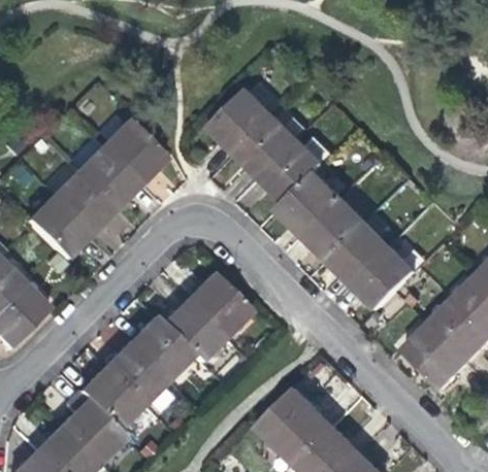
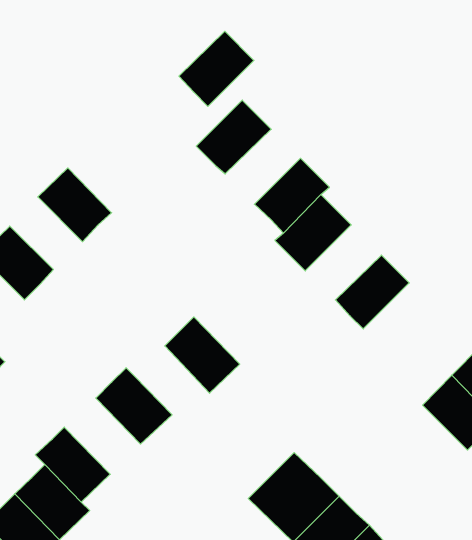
building: [236,115,300,179] -> [179,31,254,106]
building: [102,122,166,187] -> none
building: [53,173,115,235] -> none
building: [304,197,369,261] -> none
building: [354,246,418,310] -> none
building: [159,300,223,365] -> none
building: [99,344,164,409] -> none

